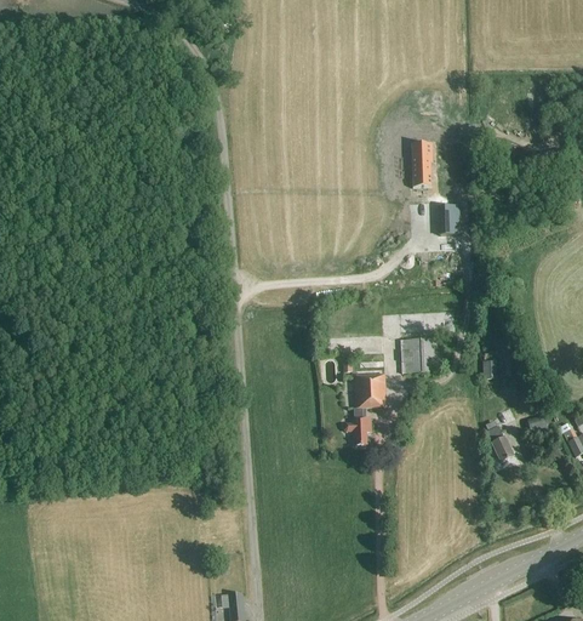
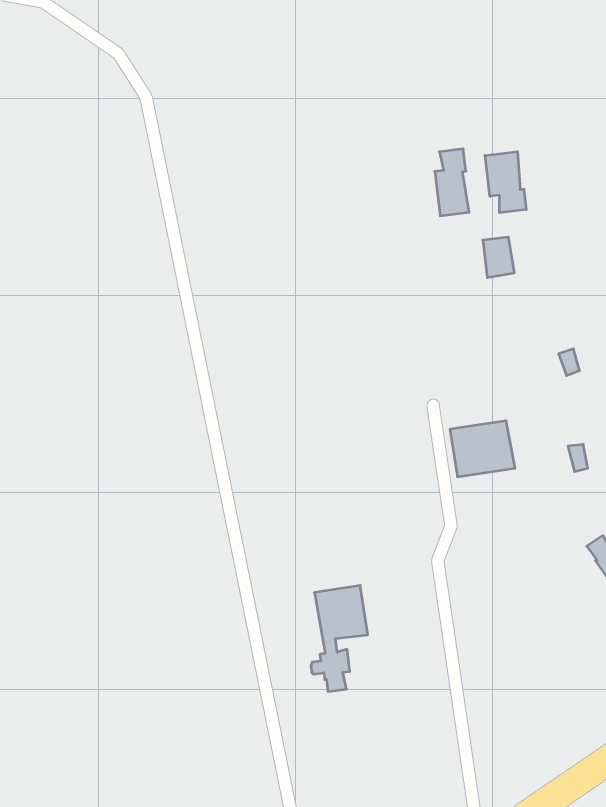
building: none -> [485,152,526,213]
building: [344,372,387,444] -> [311,585,368,691]

